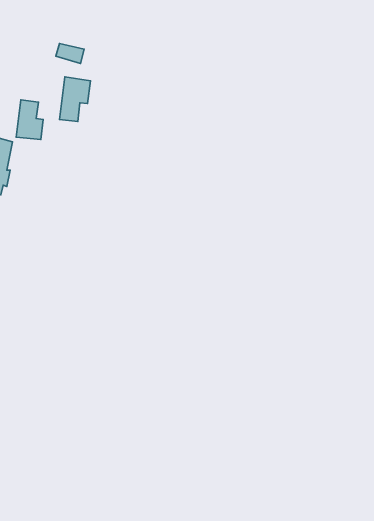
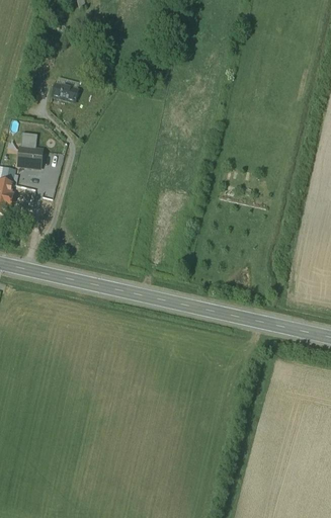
building: [59,77,90,122] -> none

